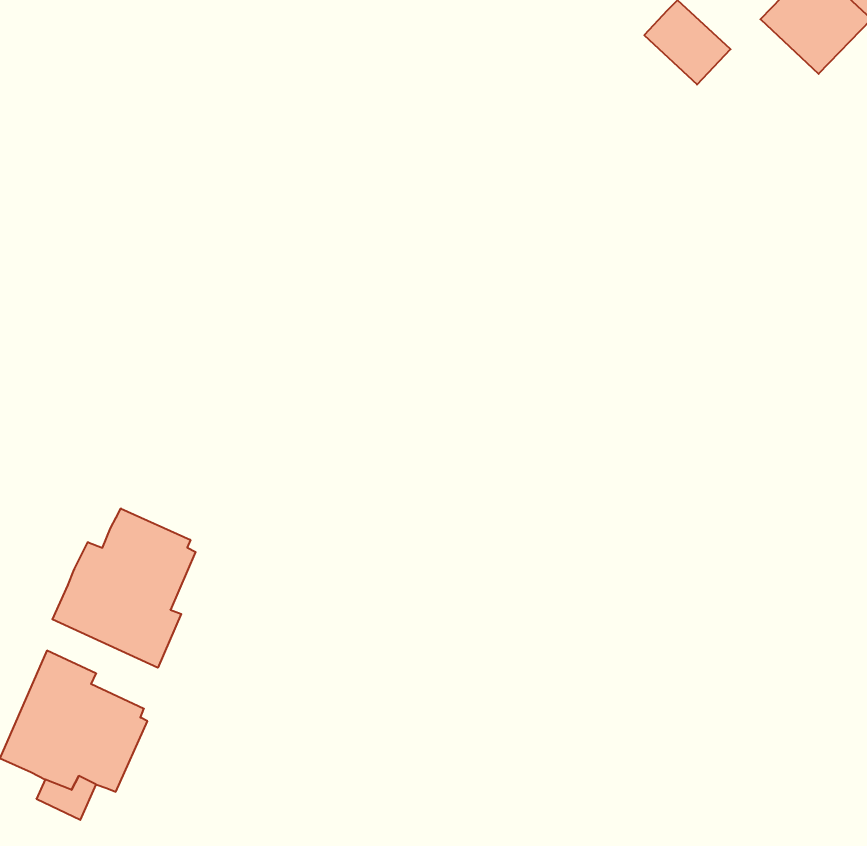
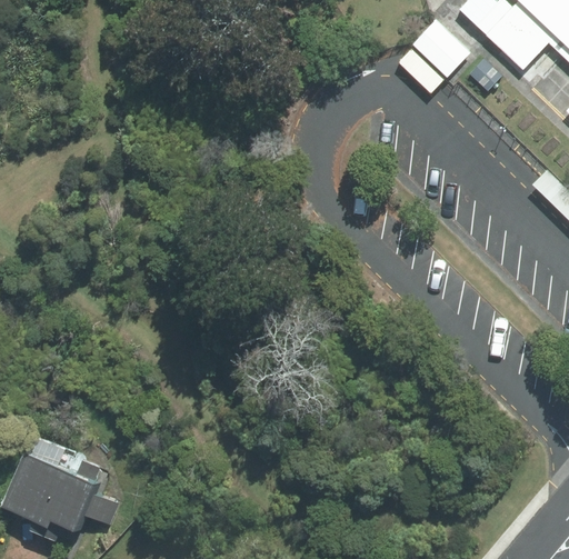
building: [52,508,196,668] -> none

